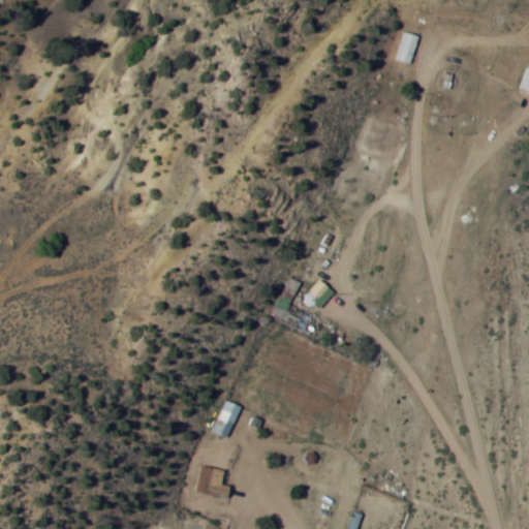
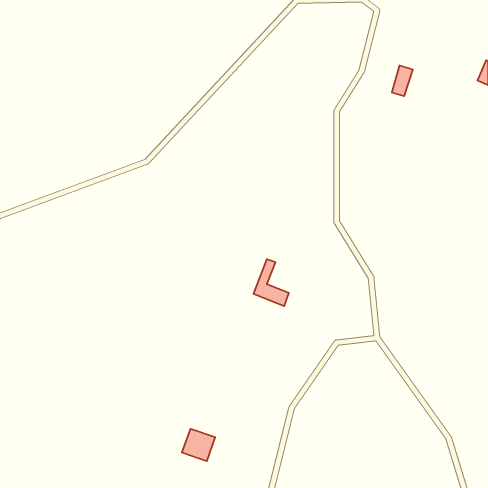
building: [396,31,418,64] -> [392,66,413,96]
building: [212,399,242,436] -> none

